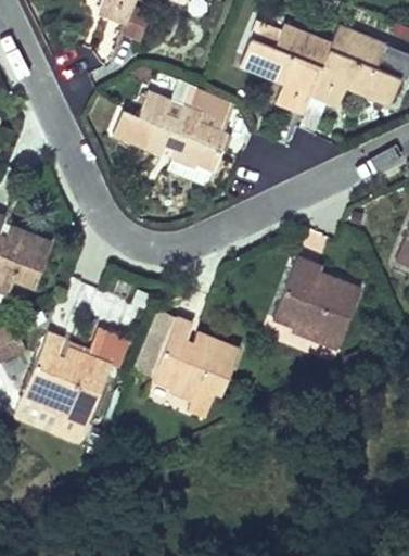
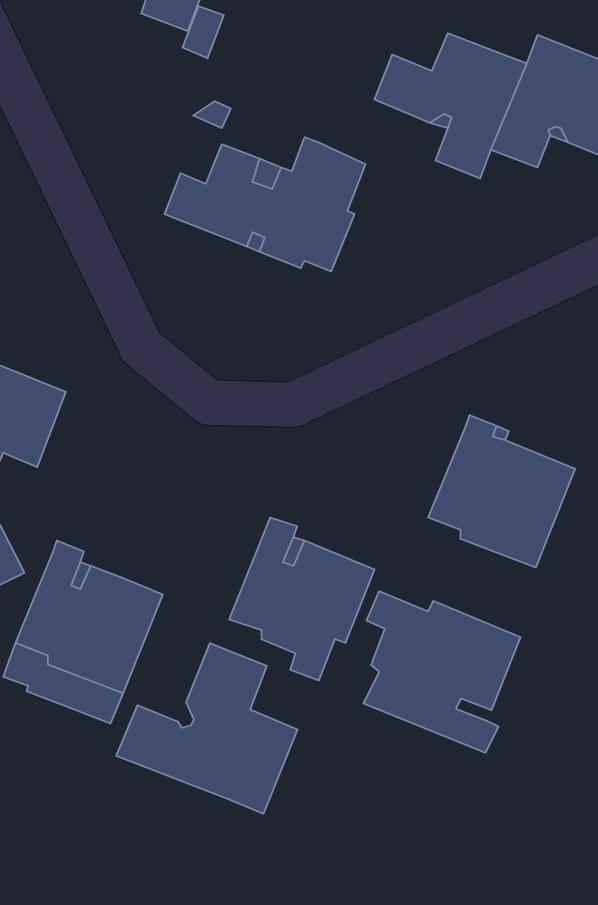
building: [87,330,128,368] -> none
building: none -> [364,591,520,753]
building: none -> [116,643,297,814]

